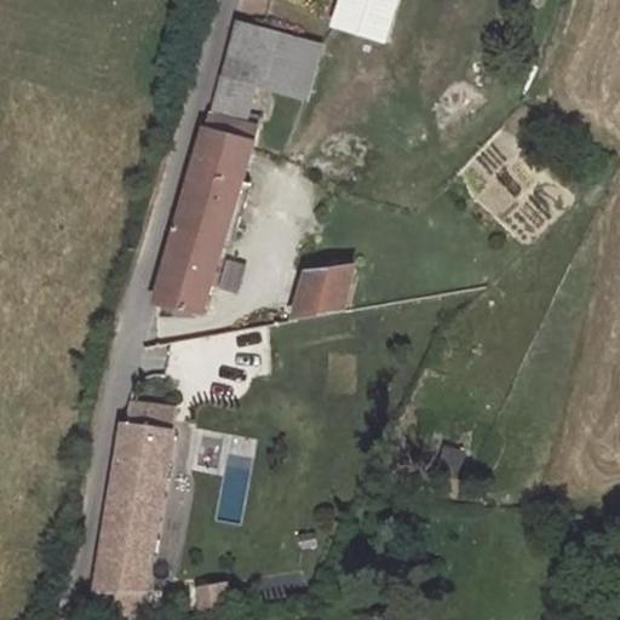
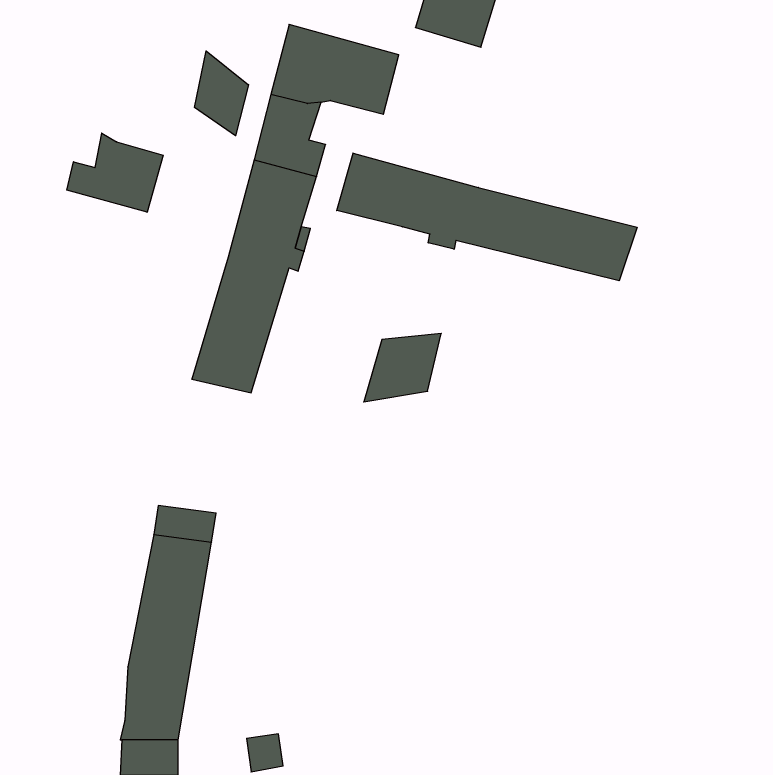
building: none -> [195,51,249,136]
building: none -> [67,133,163,212]
building: none -> [337,153,637,281]

